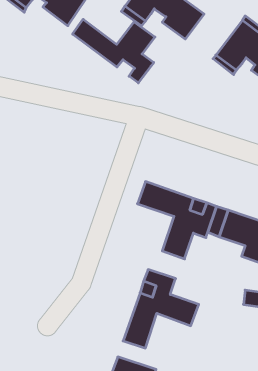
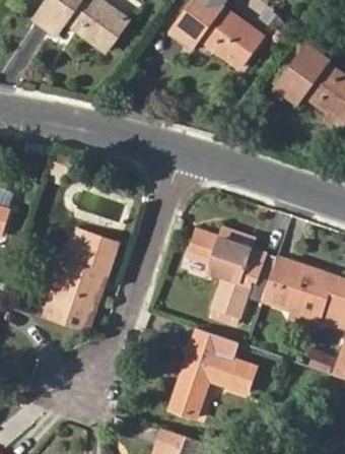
building: [73,19,155,83] -> none
building: none -> [53,242,108,332]

